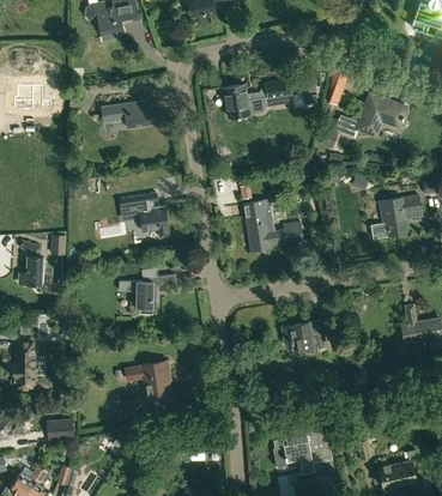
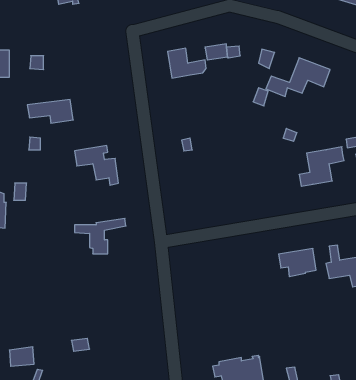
building: [102,101,153,127] -> [27,100,73,123]
building: [243,199,303,250] -> none
building: [283,320,325,351] -> [279,249,316,277]
building: [126,361,171,400] -> none

